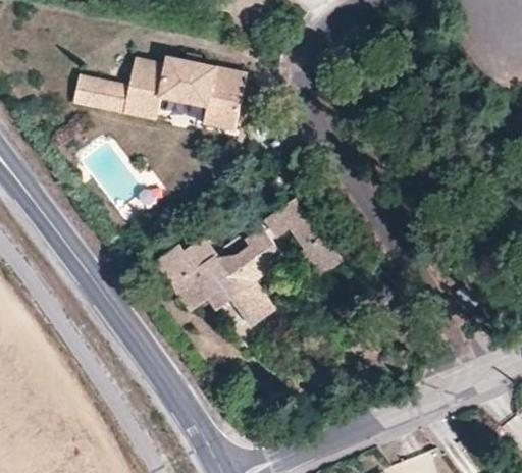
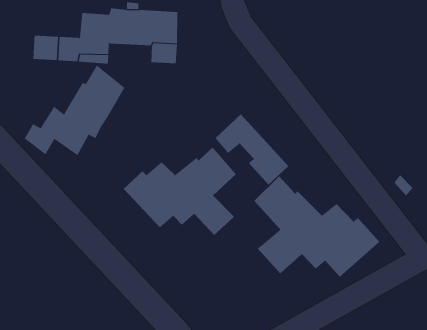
building: none -> [24,64,125,156]
building: none -> [254,176,380,277]

